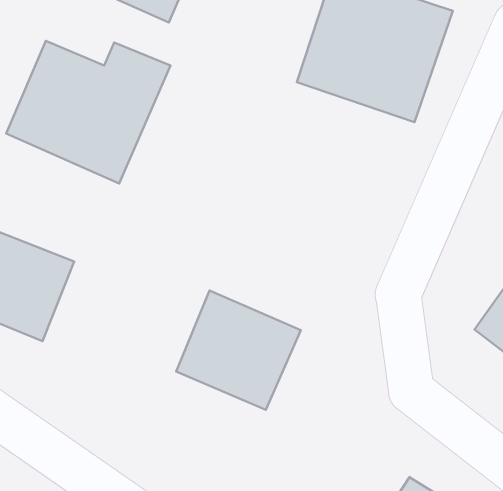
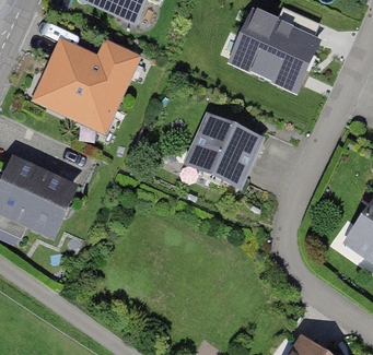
building: [176,290,301,410] -> [183,114,265,192]

